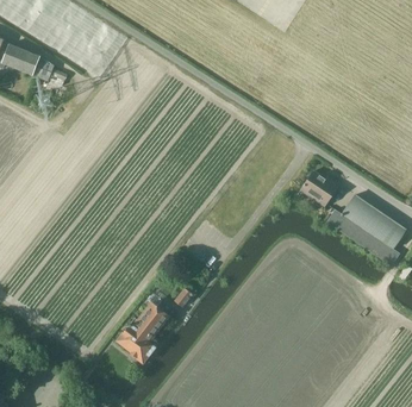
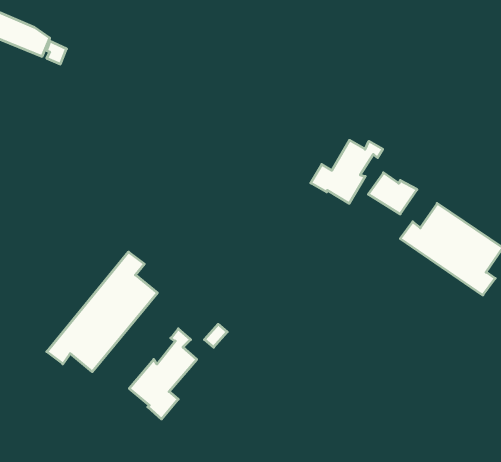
building: none -> [311,140,383,203]
building: none -> [47,252,157,372]

